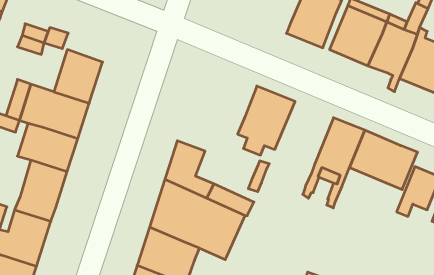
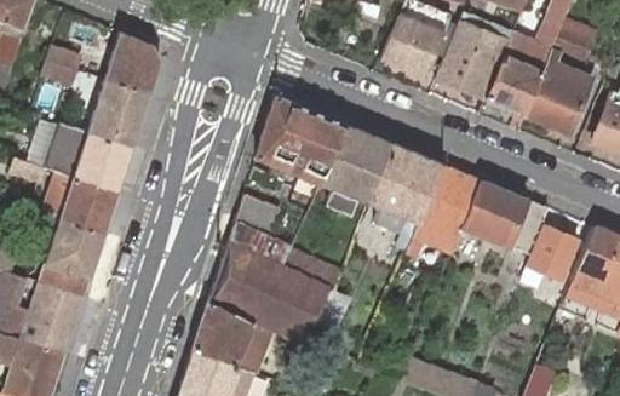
building: none -> [104,33,159,94]
building: none -> [254,97,344,185]
building: none -> [367,144,441,251]

